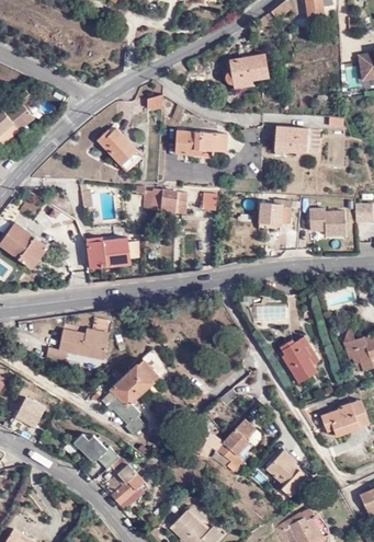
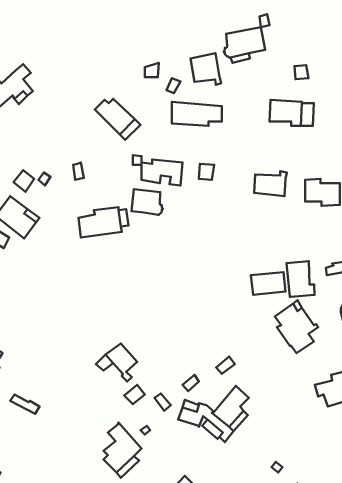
building: none -> [191,53,221,85]
building: none -> [132,189,163,215]
building: none -> [286,261,314,297]
building: [45,327,107,361] -> none
building: [124,361,155,393] -> none
building: [14,392,46,425] -> none
building: [76,431,121,468] -> none
building: [261,449,307,496] -> none

